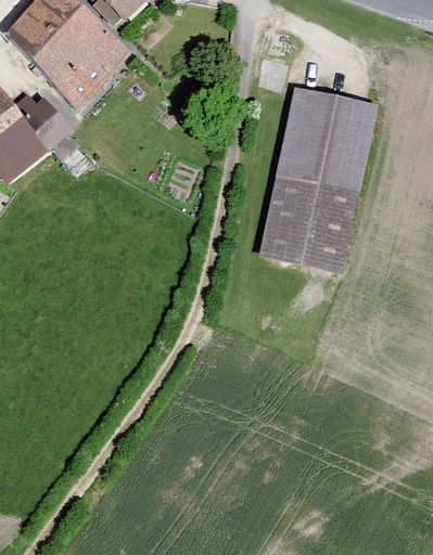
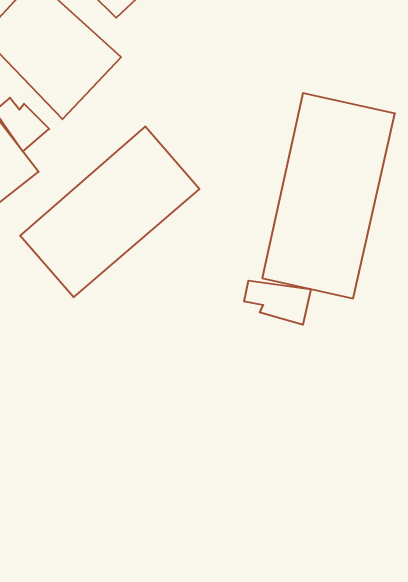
building: none -> [20,126,199,297]
building: none -> [244,281,311,325]

